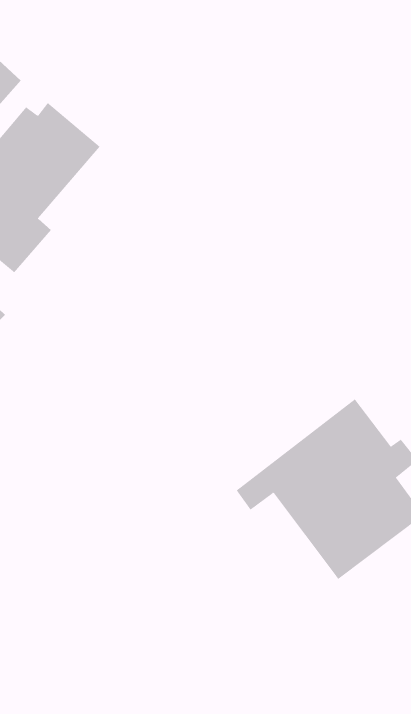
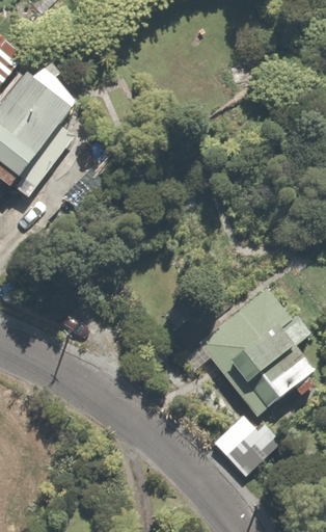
building: none -> [210,415,278,474]

